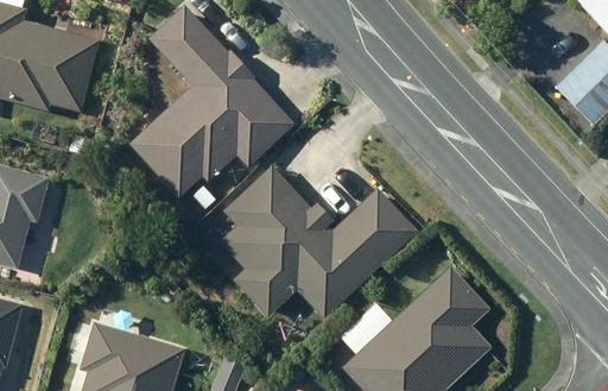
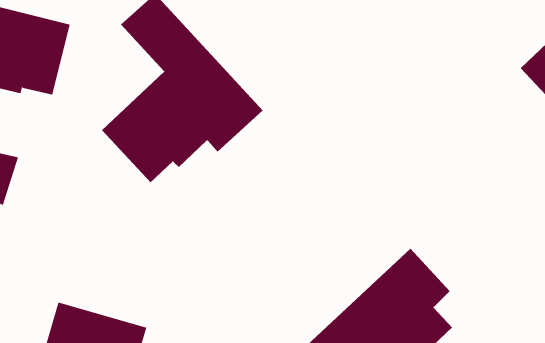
building: [228,172,413,310] -> none

